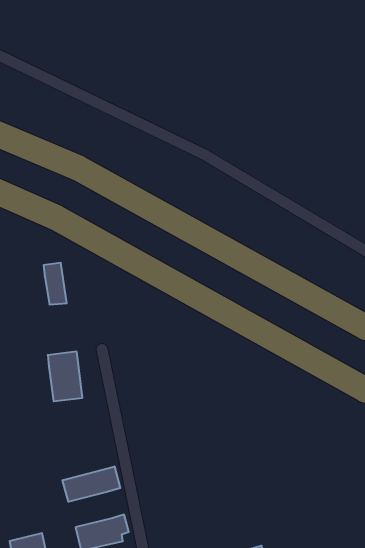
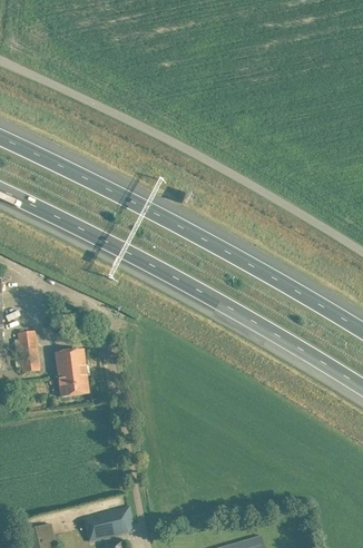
building: [44,263,67,304] -> [18,331,40,371]
building: [63,466,120,502] -> none

